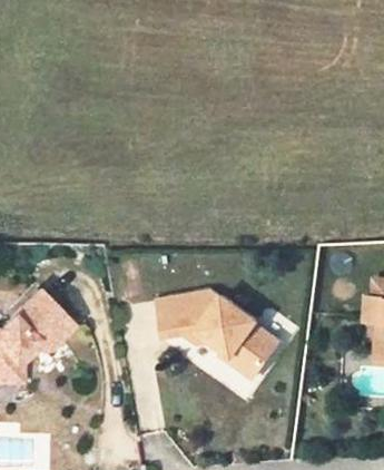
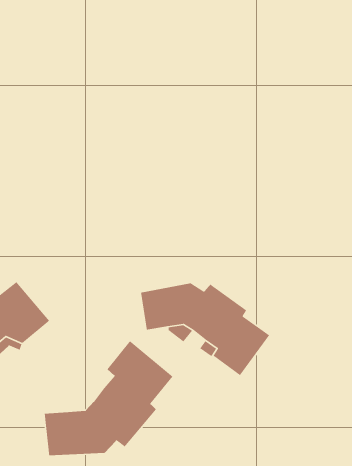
building: none -> [44,340,174,456]

